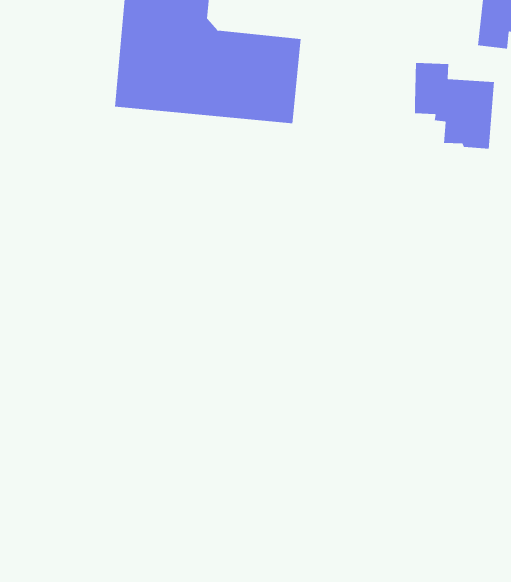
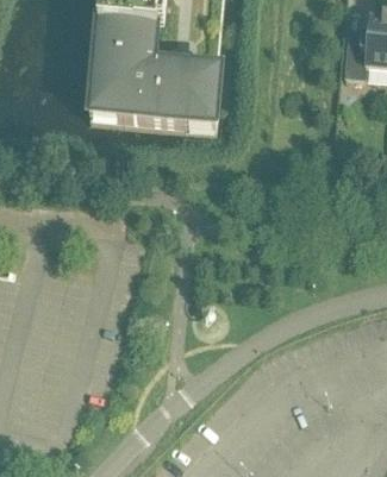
building: [414,62,495,149] -> none

